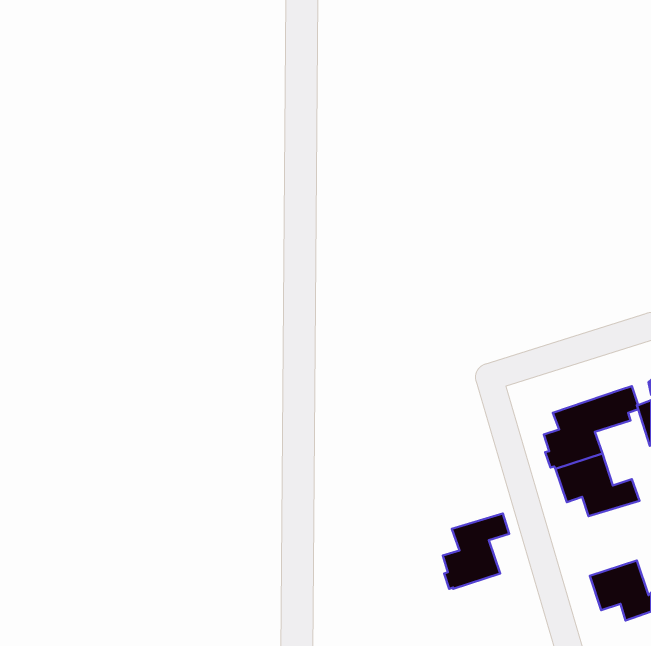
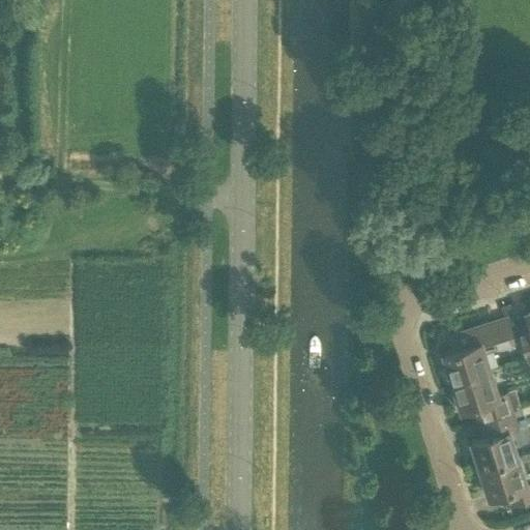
building: [443,514,509,589] -> [471,411,525,472]

